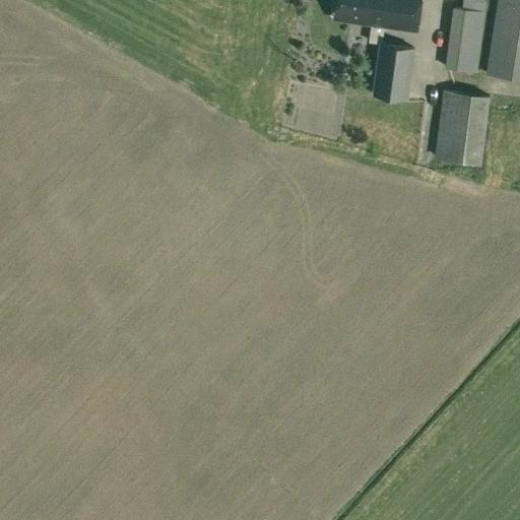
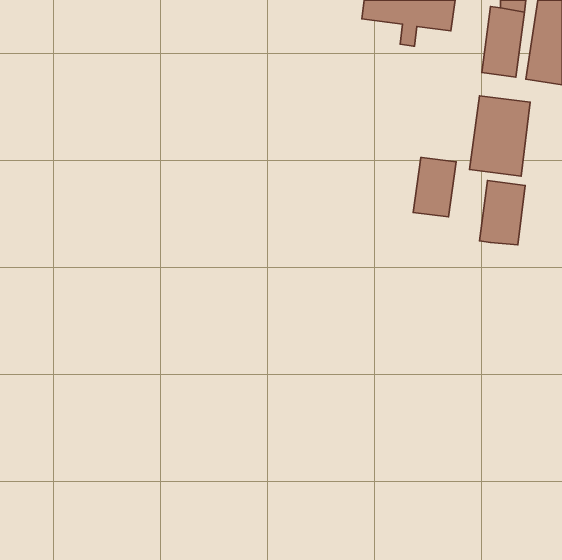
building: [375,45,414,100] -> [413,157,456,217]
building: none -> [480,180,525,245]

